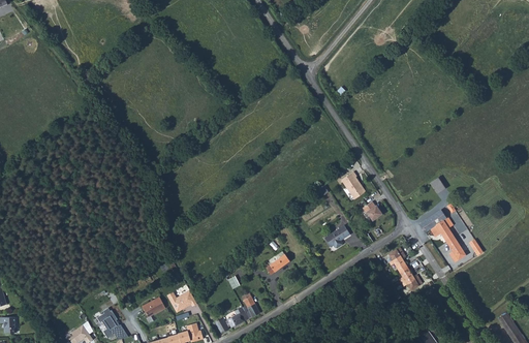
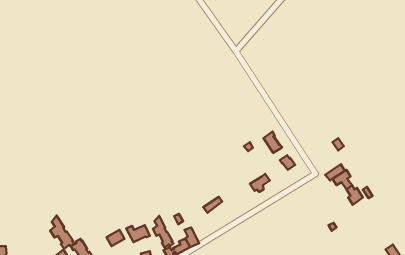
building: [387,247,422,290] -> none
building: none -> [50,215,74,249]
building: none -> [153,216,173,247]

